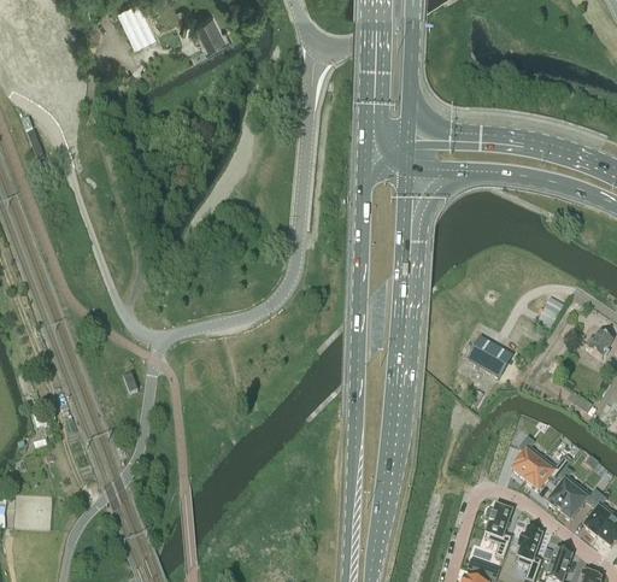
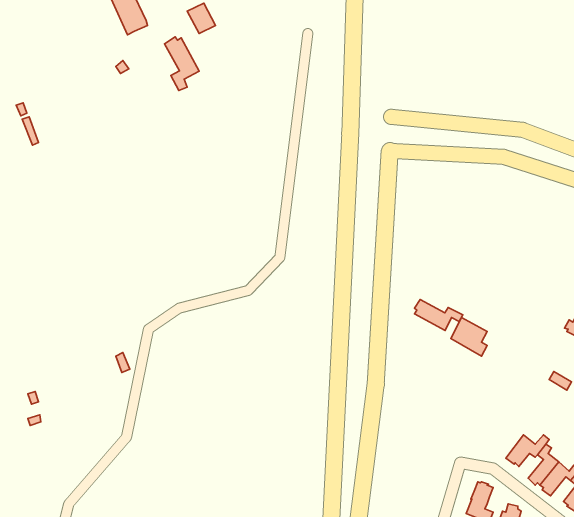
building: none -> [165,37,199,90]
building: none -> [414,299,463,331]
building: [510,435,541,481] -> none

